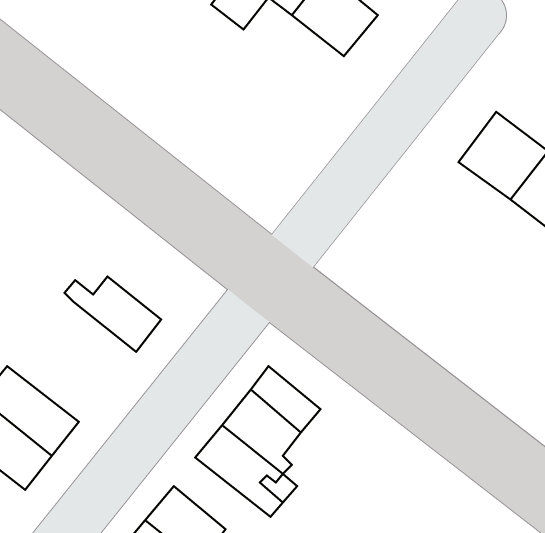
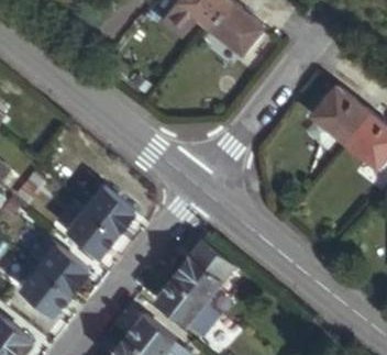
building: none -> [67,202,119,255]

